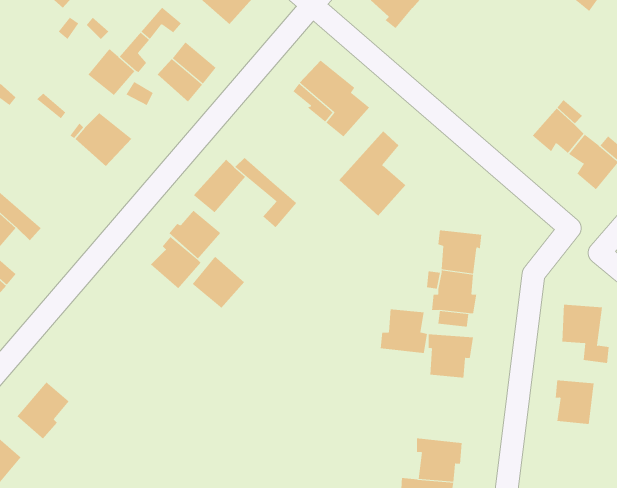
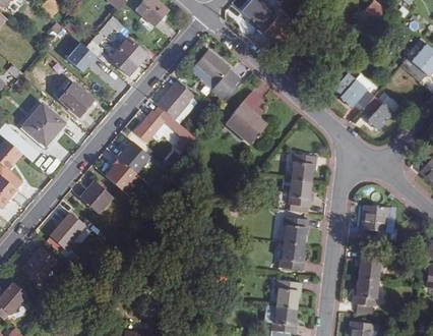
building: none -> [257,17,290,46]
building: none -> [157,78,196,124]
building: none -> [22,102,65,145]
building: [192,256,245,309] -> [81,180,114,213]
building: [380,309,428,353] -> [271,243,301,271]
building: none -> [50,212,85,248]
building: none -> [351,272,376,309]

